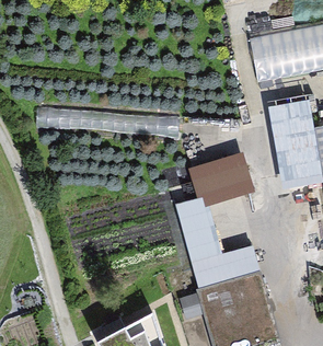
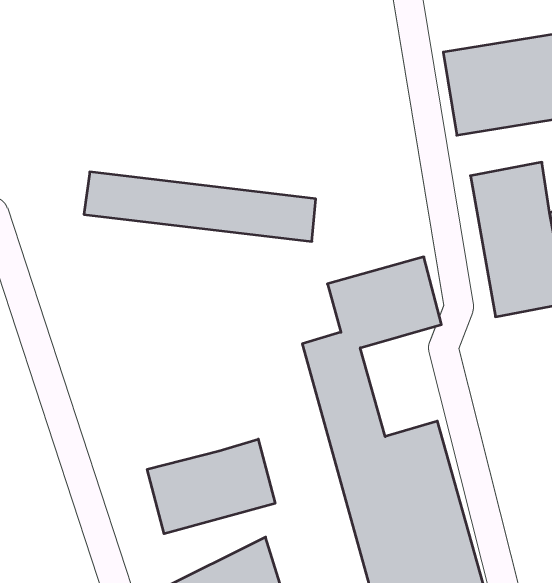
building: none -> [147,439,275,534]

